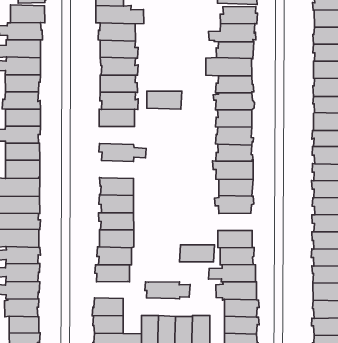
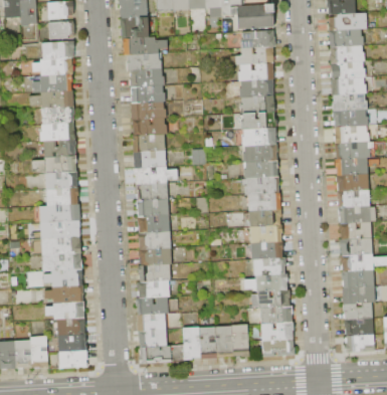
building: [147,91,182,109] -> [133,150,166,168]
building: none -> [135,183,168,200]
building: [179,245,215,262] -> [250,225,282,243]
building: [145,282,190,299] -> [136,297,178,314]

